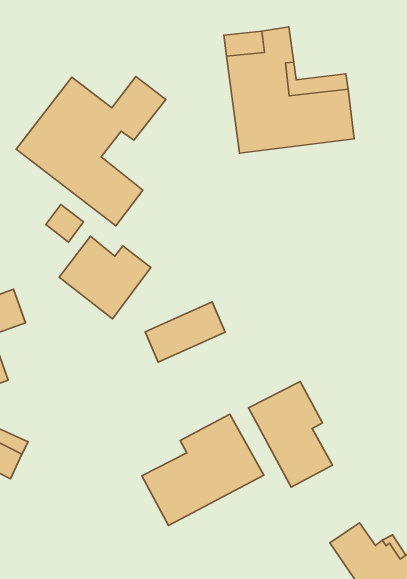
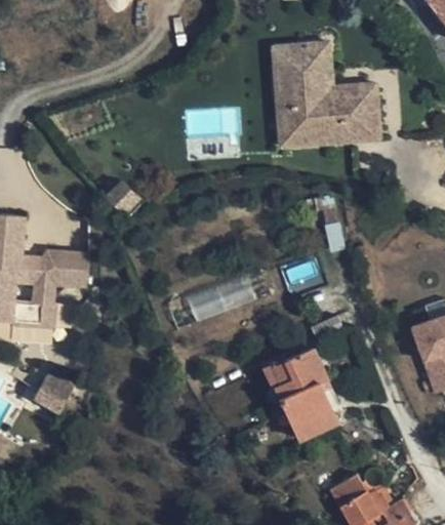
building: [16,77,166,226] -> none
building: [59,236,151,319] -> none
building: [142,414,264,525] -> none

